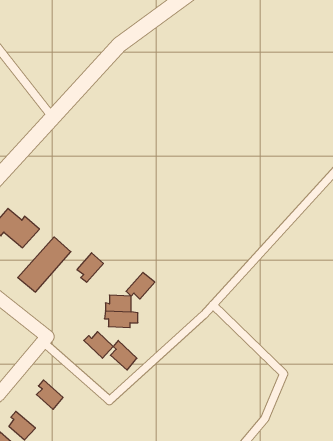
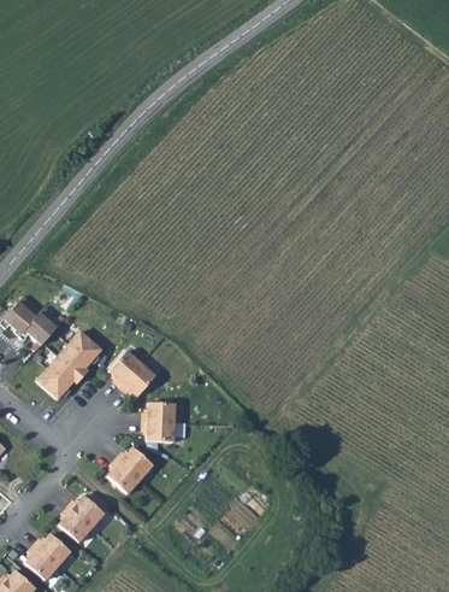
building: [126,272,155,299] -> [120,364,155,397]
building: [110,340,137,370] -> [107,458,140,494]
building: none -> [67,496,105,528]
building: none -> [34,534,71,565]

